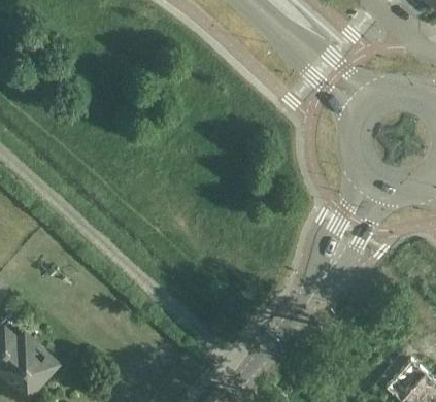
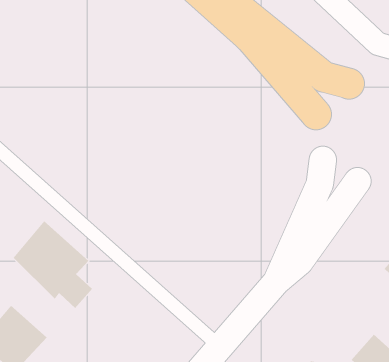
building: none -> [13,221,93,309]

